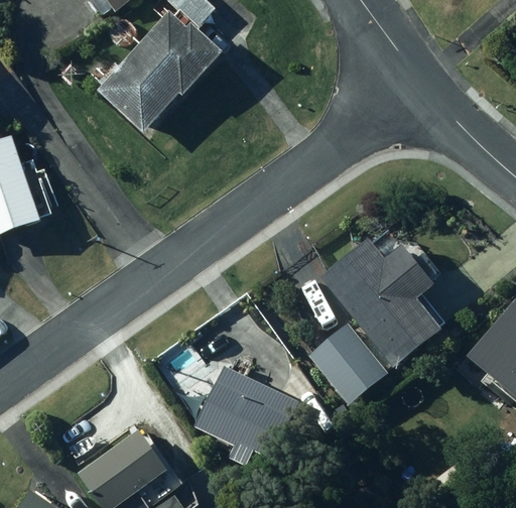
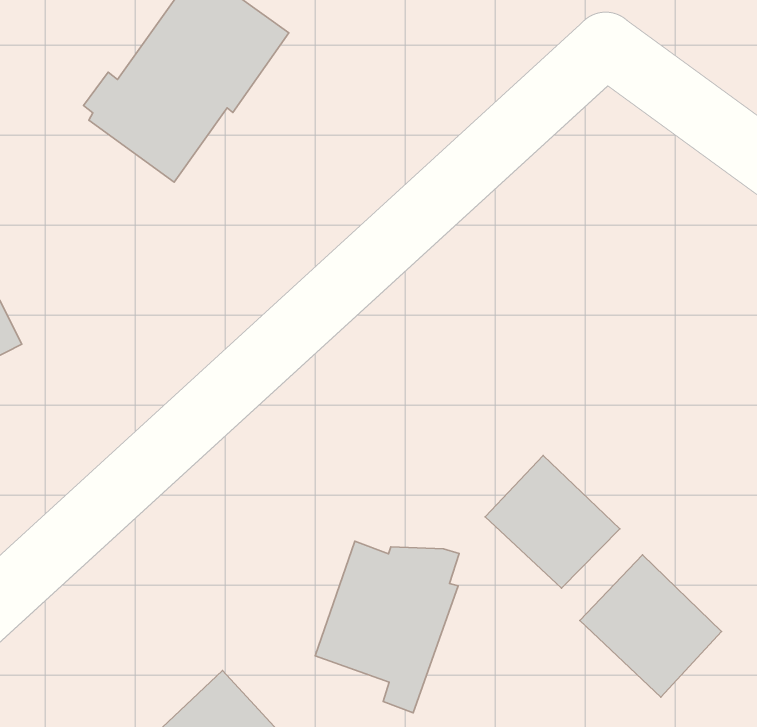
building: [325,242,443,369] -> none
building: none -> [580,555,721,697]

